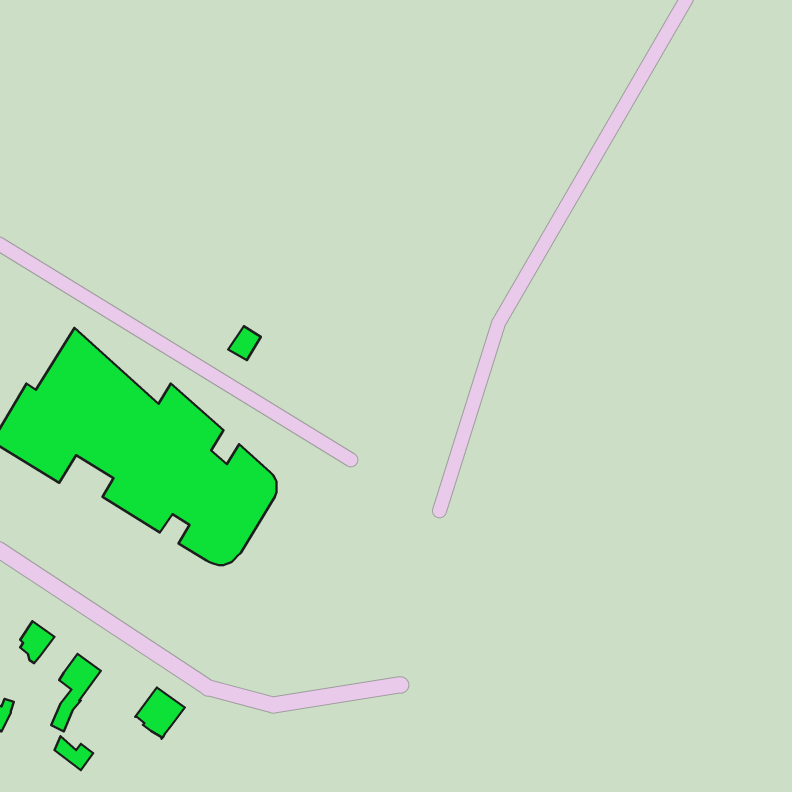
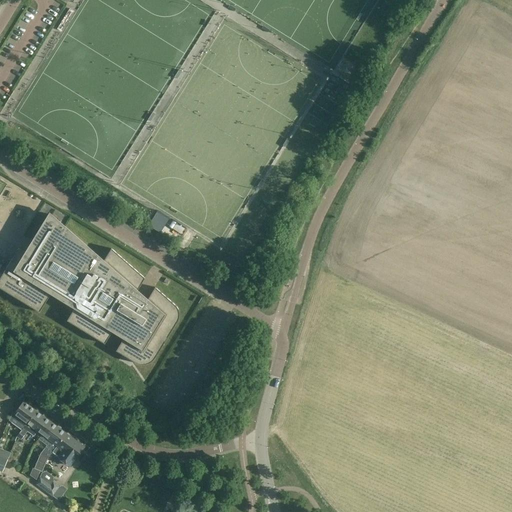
building: none -> [16,410,50,439]
building: [135,687,185,739] -> [51,432,83,465]

